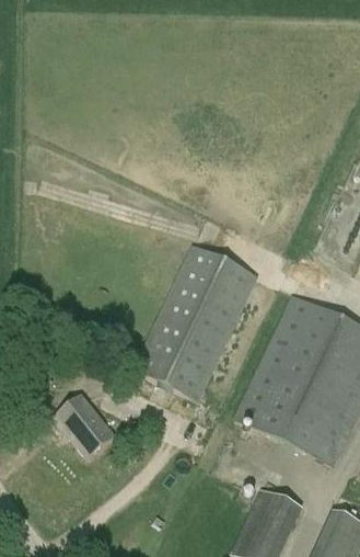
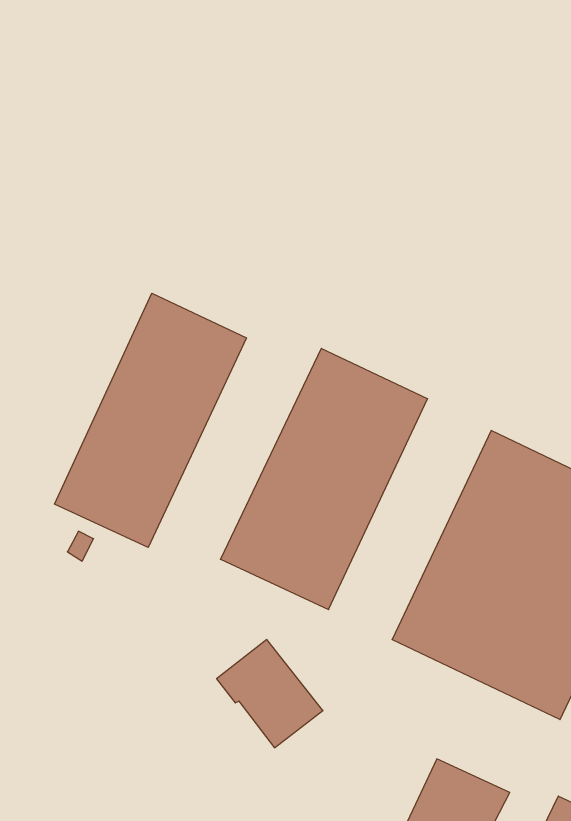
building: none -> [55,293,246,547]
building: [53,394,115,457] -> [217,640,323,748]

